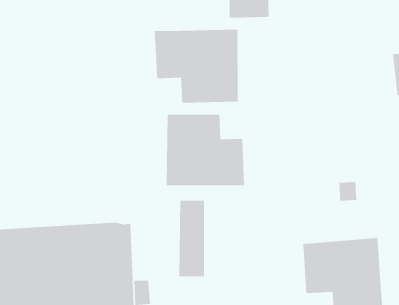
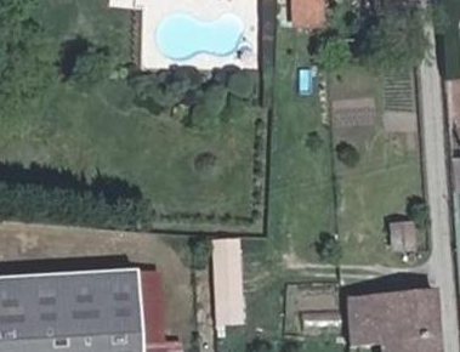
building: [154,29,238,104] -> none
building: [166,114,245,186] -> none

